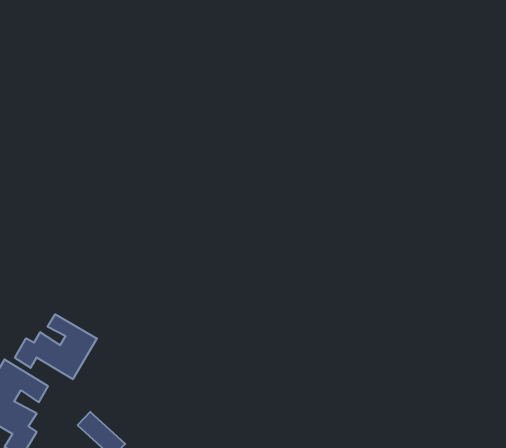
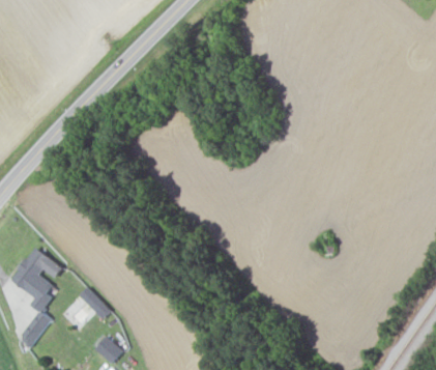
building: [15,314,97,379] -> none

